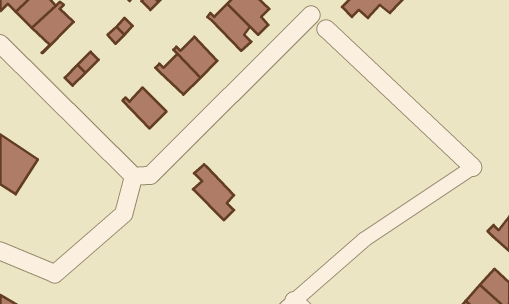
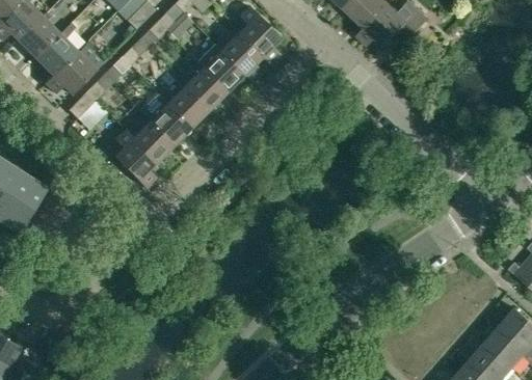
building: none -> [45,47,103,94]
building: none -> [198,49,251,91]
building: none -> [145,103,191,144]
building: [193,164,234,220] -> [113,130,156,188]

